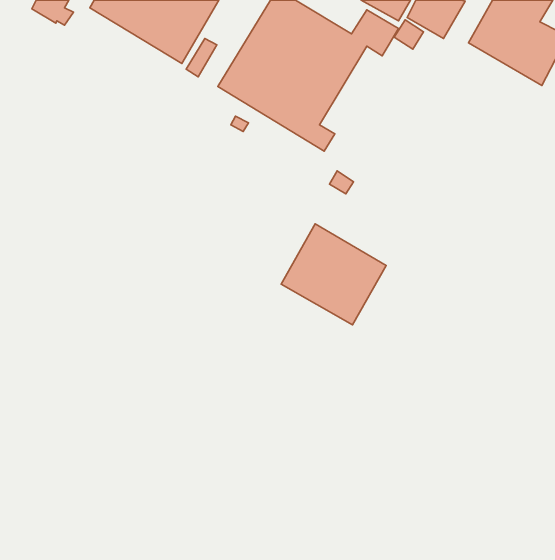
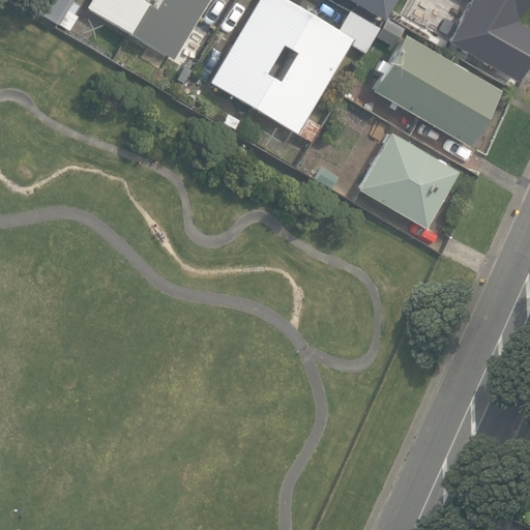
building: none -> [373,34,500,146]
building: [281,224,386,325] -> [359,132,459,228]

